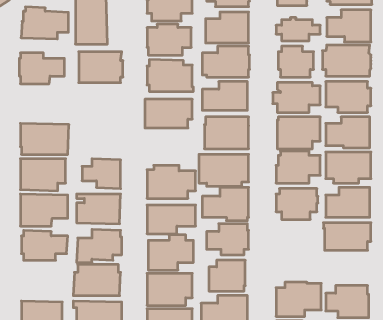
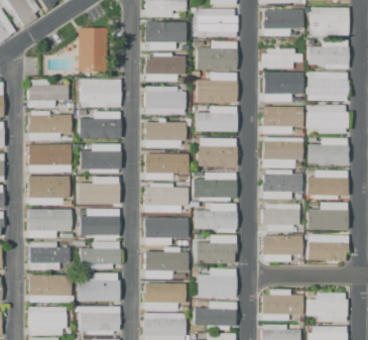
building: [21,7,68,39] -> [27,111,71,140]
building: none -> [80,111,120,139]
building: none -> [80,144,121,169]
building: none -> [143,153,189,180]
building: none -> [262,235,302,262]
building: none -> [29,275,72,303]

